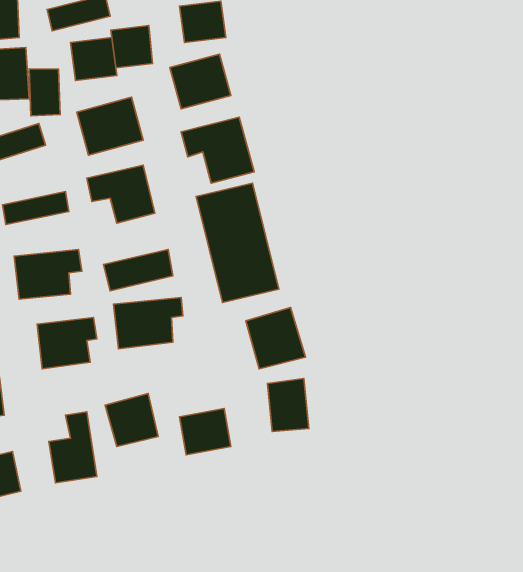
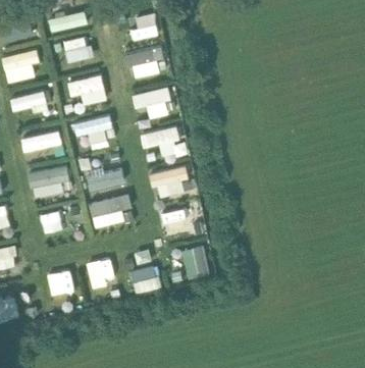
building: [111,26,152,68] -> none
building: [29,69,60,116] -> none

